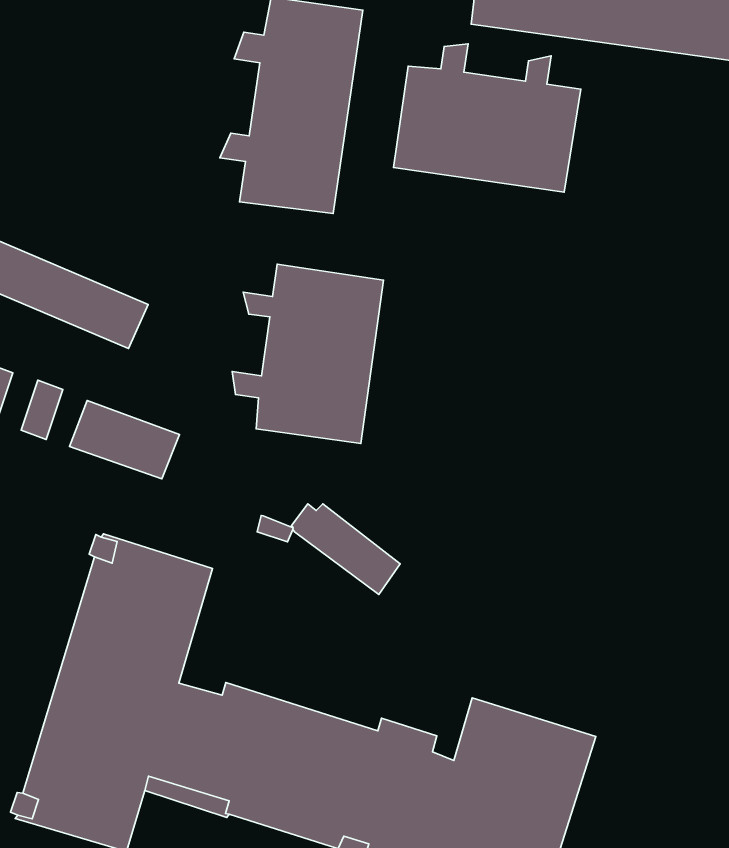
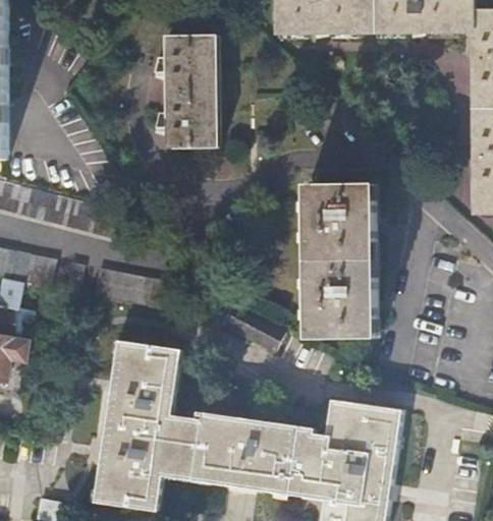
building: [393,44,581,192] -> none
building: [232,264,383,443] -> none
building: none -> [304,183,374,339]

